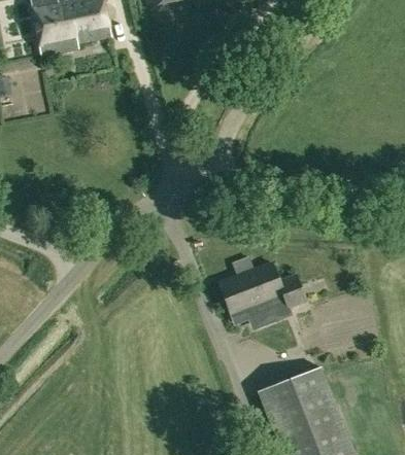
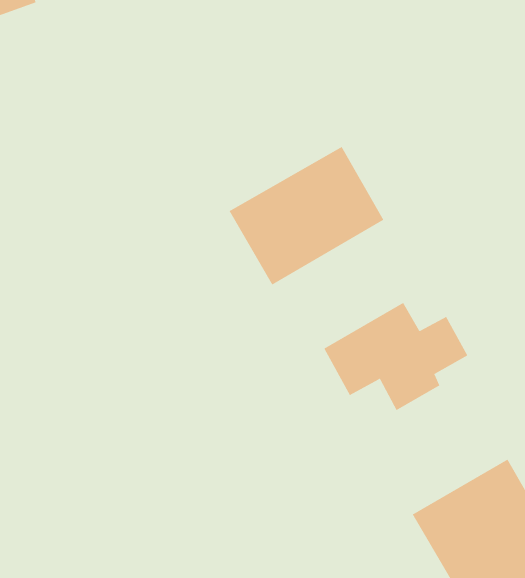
building: none -> [229,146,384,286]

